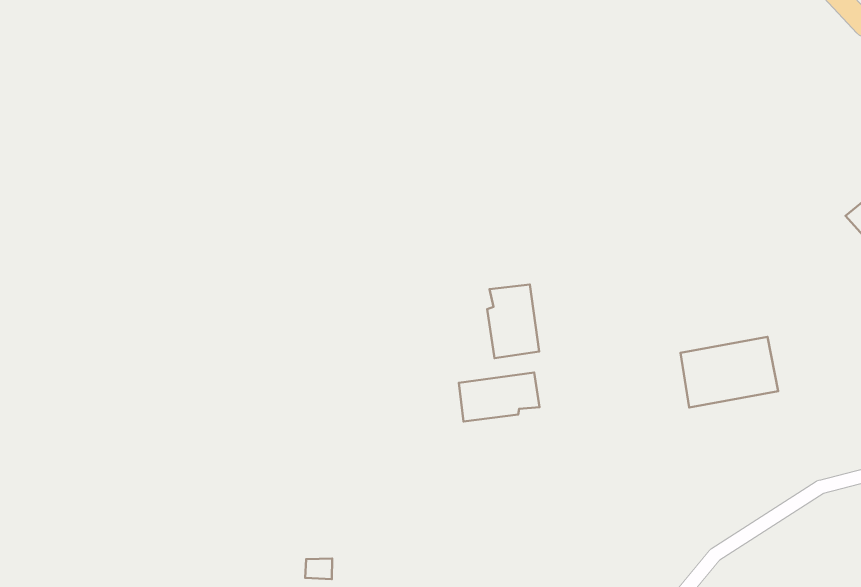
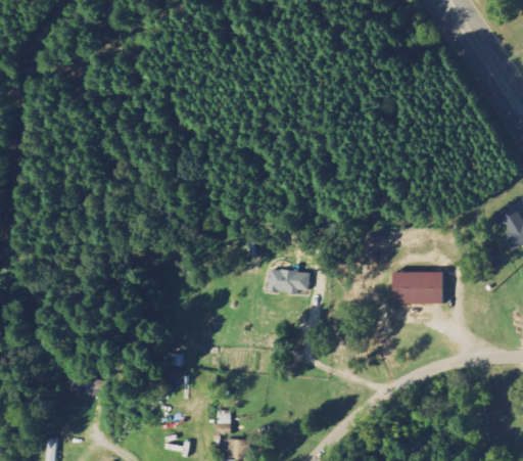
building: [487,284,539,358] -> none

